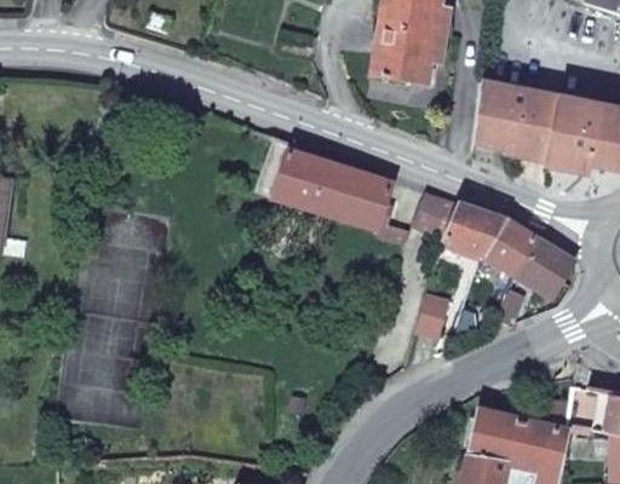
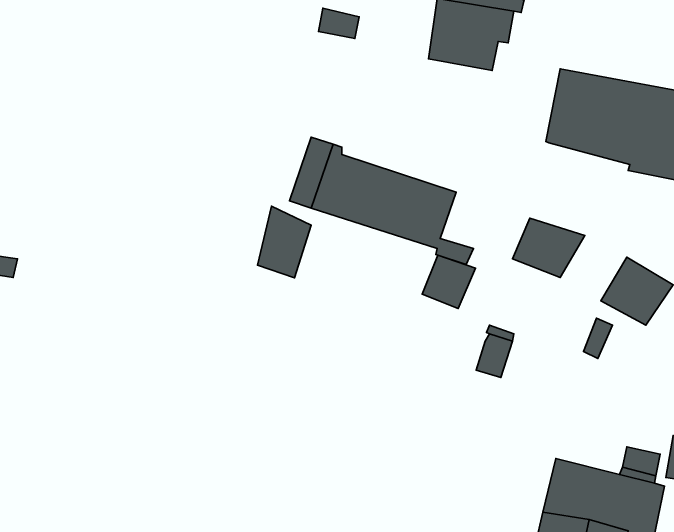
building: [413,195,458,240] -> [422,255,476,309]
building: none -> [257,206,311,278]
building: [483,218,539,275] -> none

